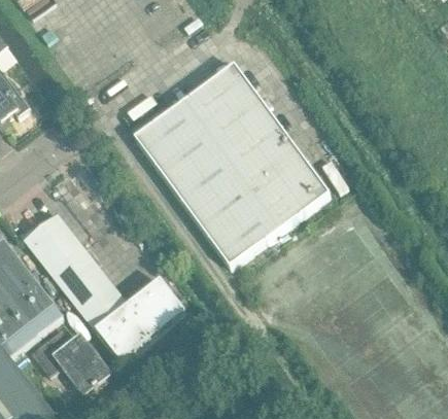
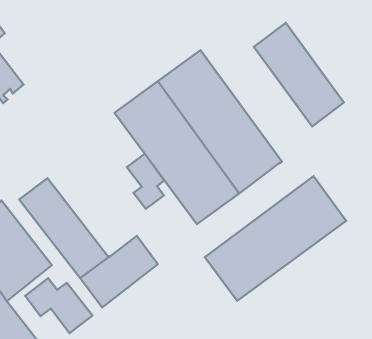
building: none -> [254,23,344,127]
building: none -> [127,154,164,209]
building: none -> [205,176,346,301]

